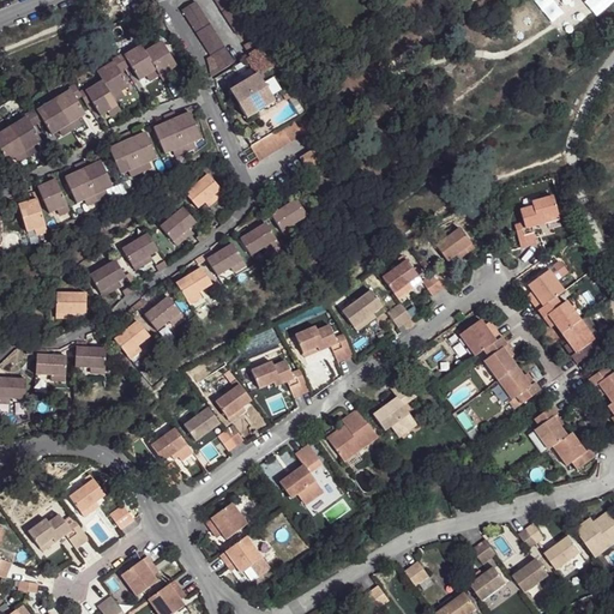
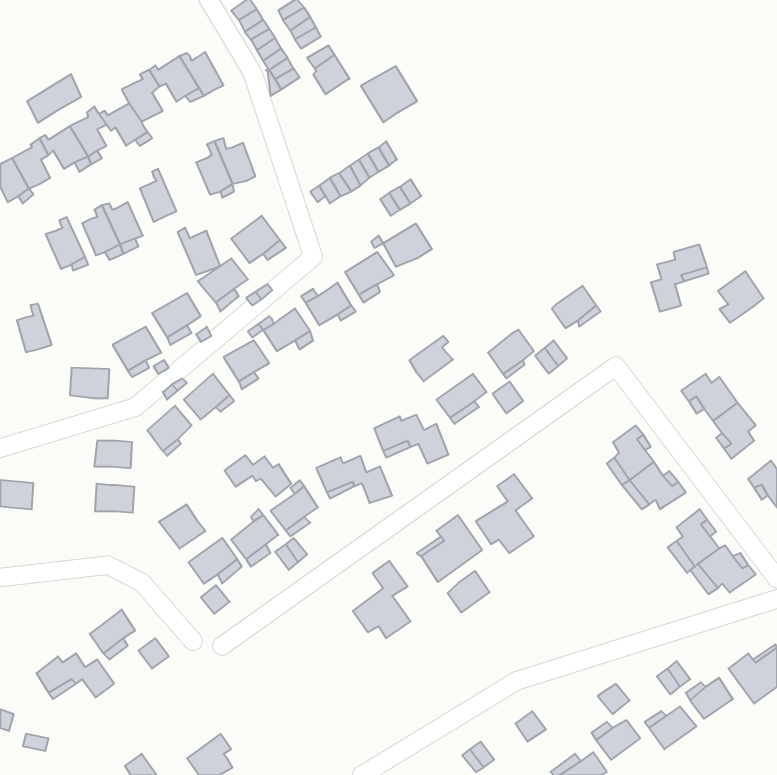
building: none -> [27,74,81,123]
building: [229,74,273,119] -> [361,66,417,122]
building: [125,130,158,167] -> [178,228,220,275]
building: none -> [383,224,432,267]
building: [13,192,41,230] -> [17,304,52,352]
building: none -> [409,336,453,381]
building: [528,267,564,308] -> [718,271,764,323]
building: [458,318,501,356] -> none
building: [35,354,66,377] -> [95,484,134,513]
building: none -> [225,455,291,497]
building: none -> [159,504,206,549]
building: none -> [448,571,490,612]
building: [209,496,252,534] -> none
building: [217,534,260,572] -> none
building: [121,554,158,595] -> none

